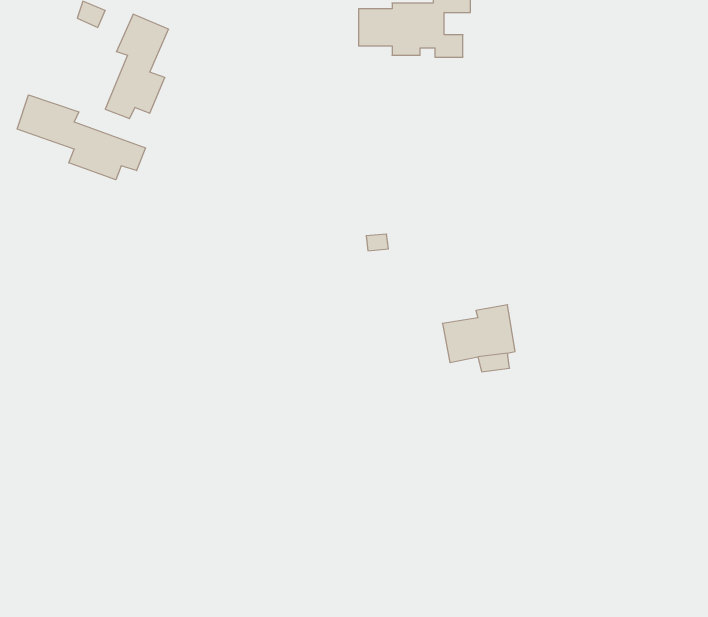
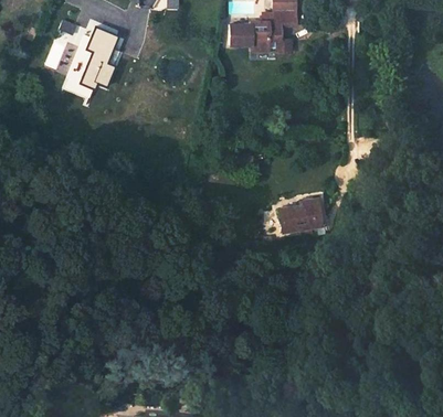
building: [17,95,145,180] -> none

